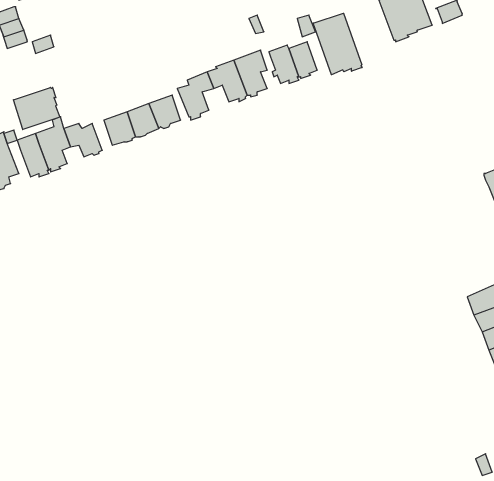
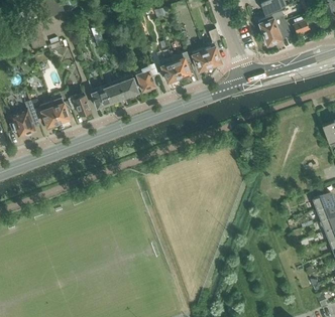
building: [313,13,362,75] -> none
building: [13,87,60,130] -> none

